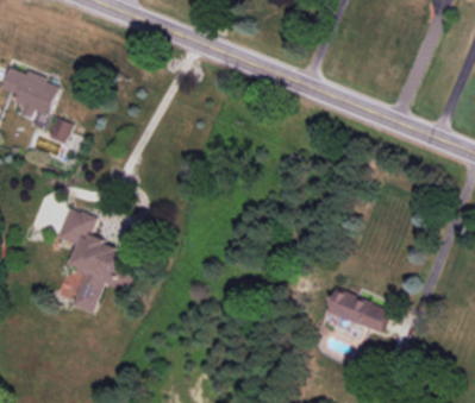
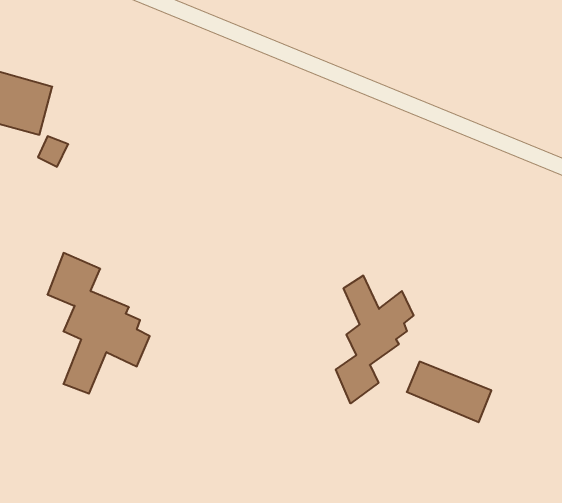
building: none -> [336,275,414,403]

